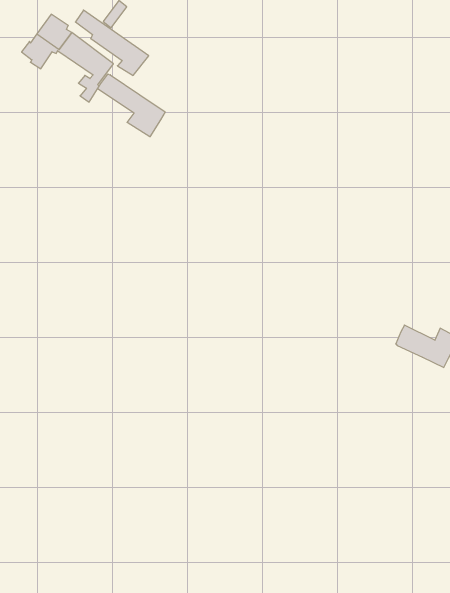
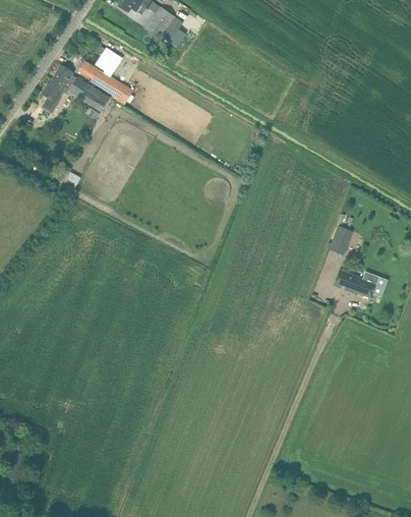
building: [97,74,165,137] -> none
building: none -> [330,226,353,254]

